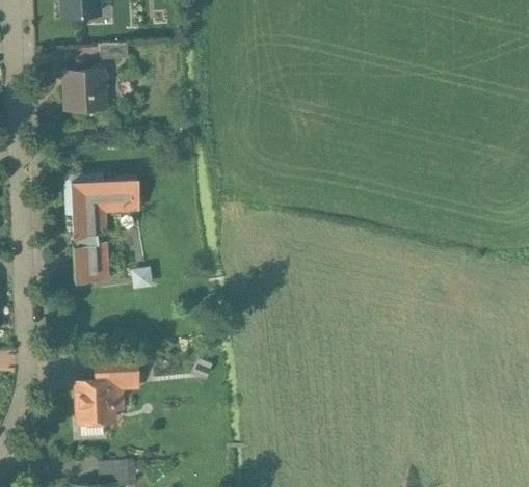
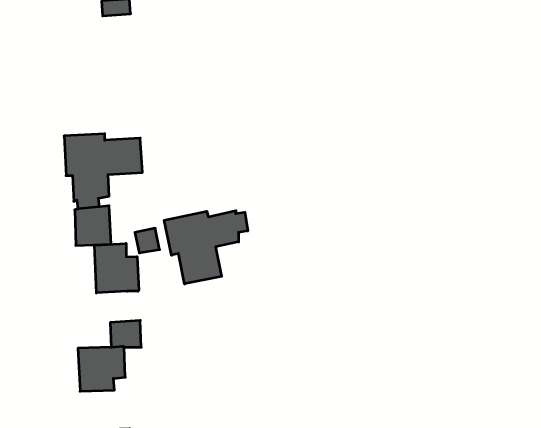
building: [65,71,107,113] -> none
building: none -> [164,211,248,284]
building: none -> [95,243,139,293]

